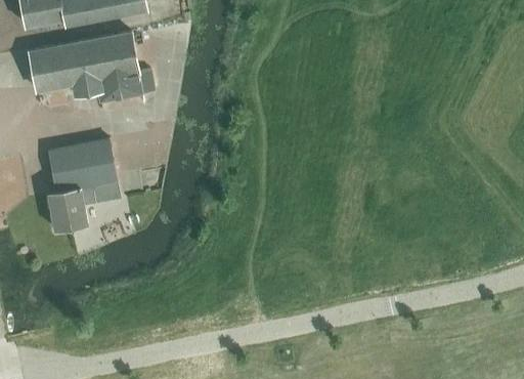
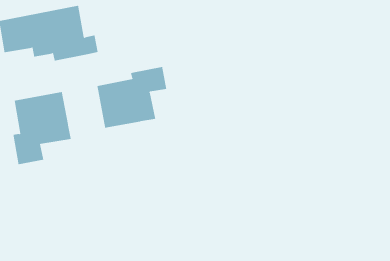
building: none -> [97,66,167,128]

